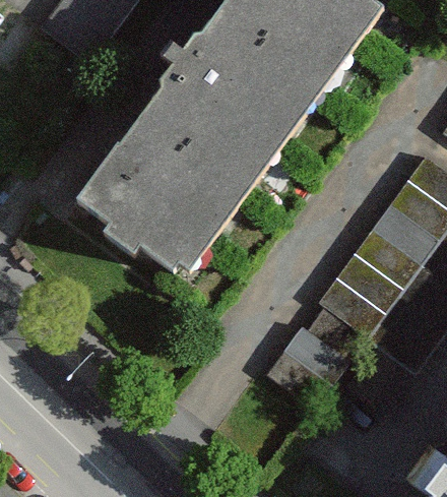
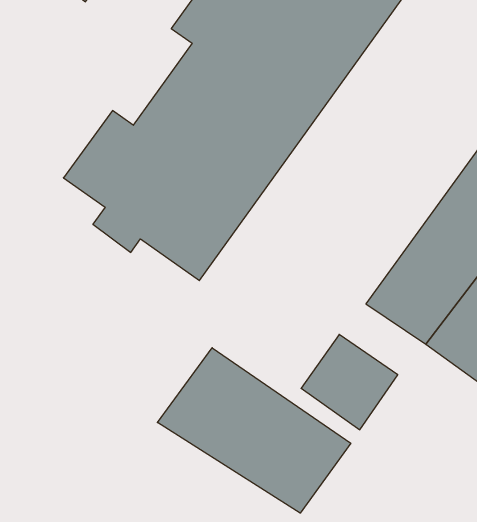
building: none -> [157,348,351,513]

